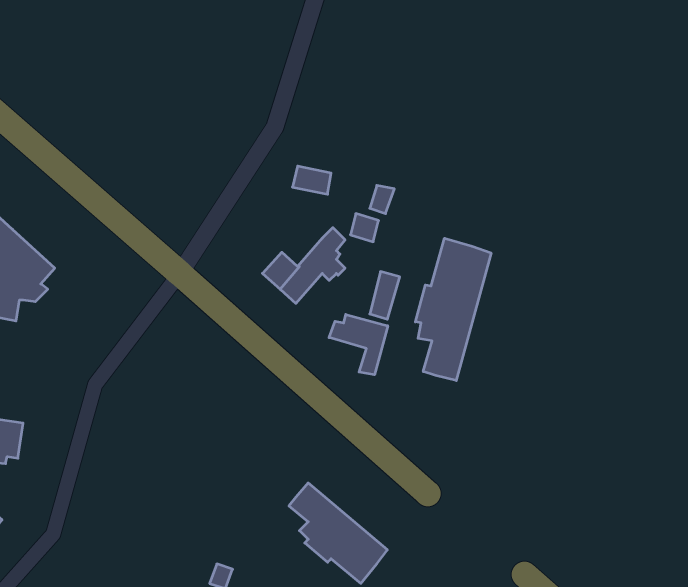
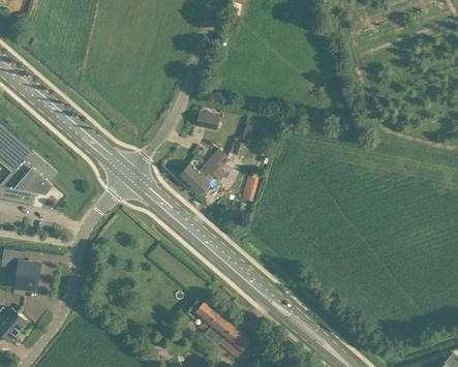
building: [415,238,491,381] -> none
building: [329,314,388,375] -> none

